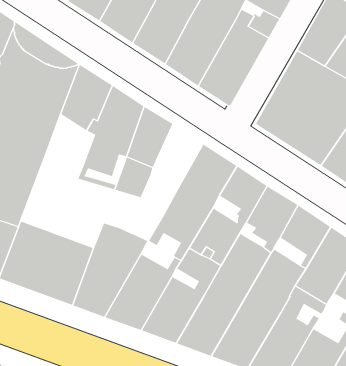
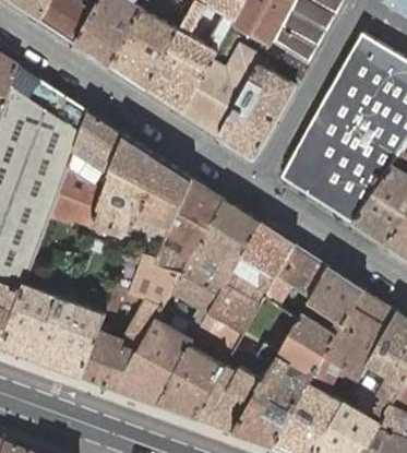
building: none -> [51,167,106,225]
building: none -> [168,178,225,250]
building: none -> [129,251,183,306]

